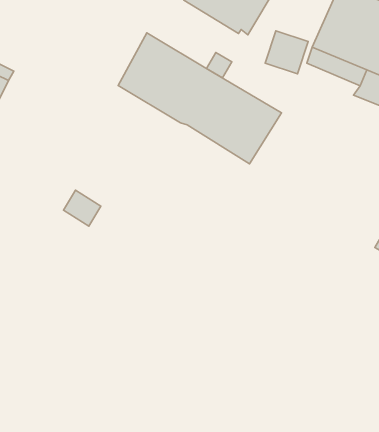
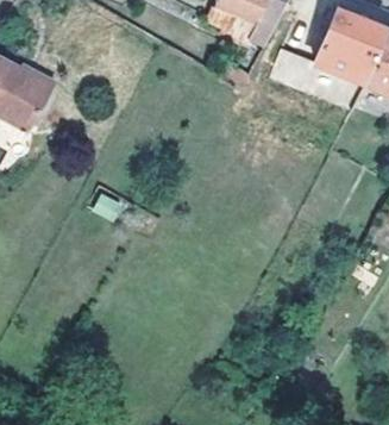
building: [118,33,282,164] -> none

